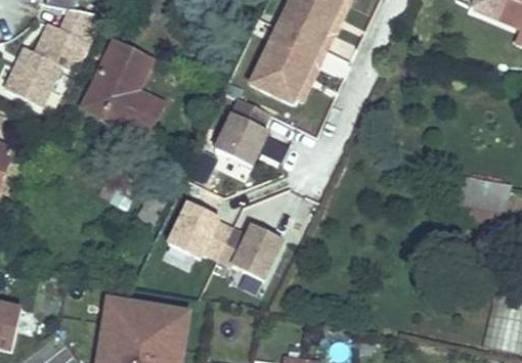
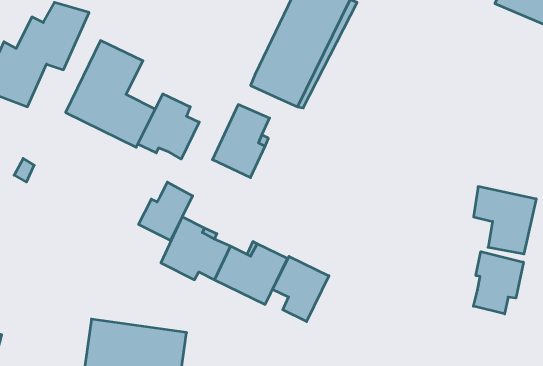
building: none -> [138,94,199,159]
building: none -> [139,182,193,240]
building: none -> [473,252,523,314]
building: none -> [272,256,329,322]

